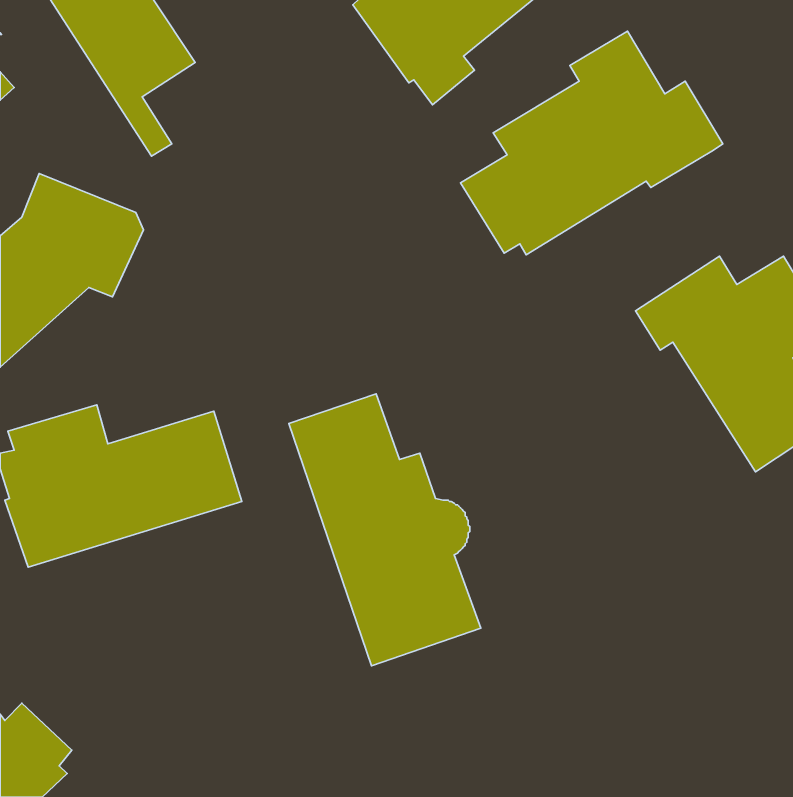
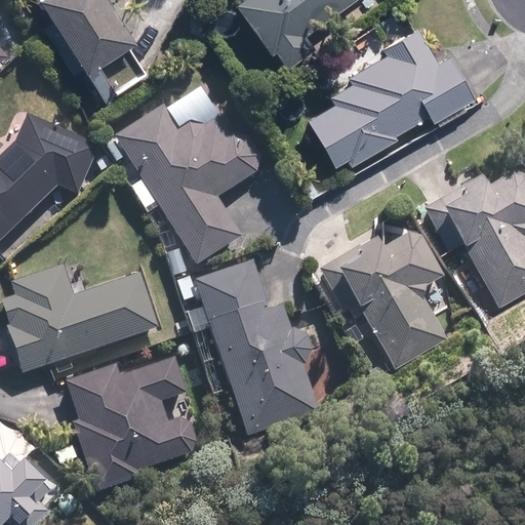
building: none -> [111,89,269,267]
building: none -> [320,227,448,370]
building: none -> [65,355,196,492]

